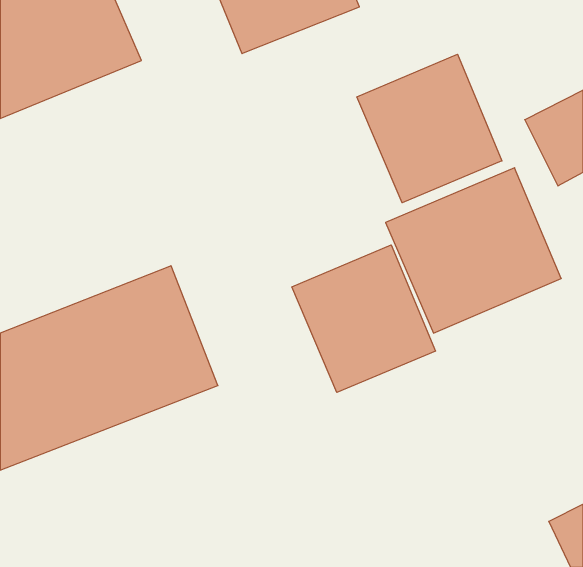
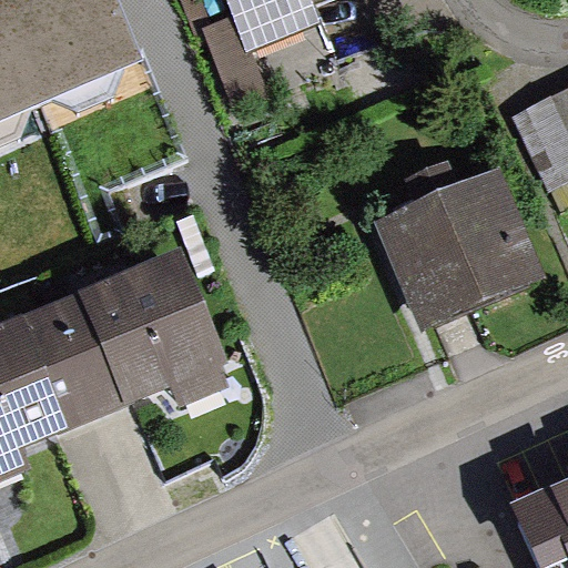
building: [357,54,502,203] -> none
building: [292,245,435,392] -> none

